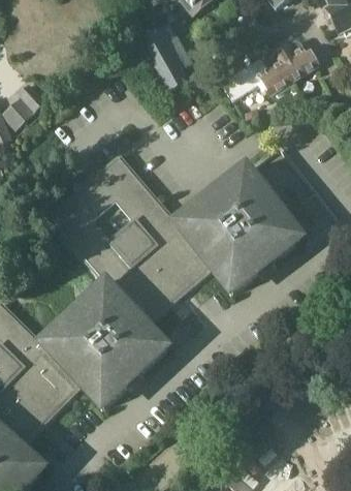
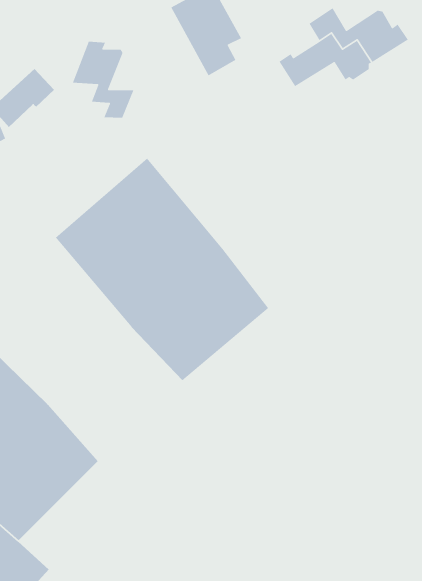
building: none -> [72,41,134,118]
building: [177,168,299,293] -> none
building: [43,282,167,407] -> none

